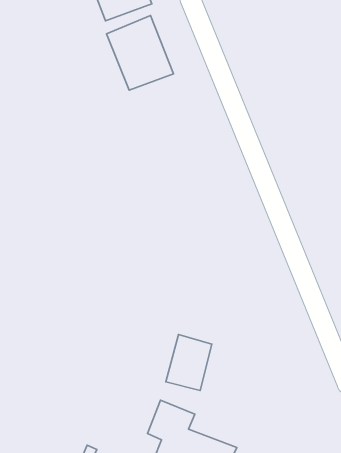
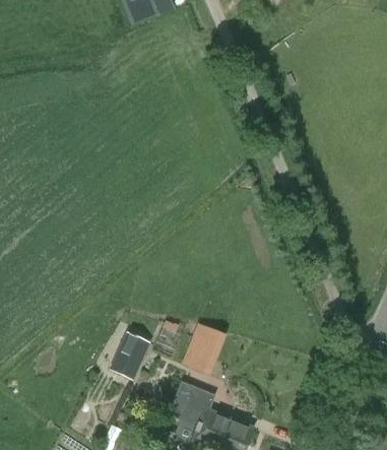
building: [107,16,173,90] -> none
building: none -> [105,330,150,380]

